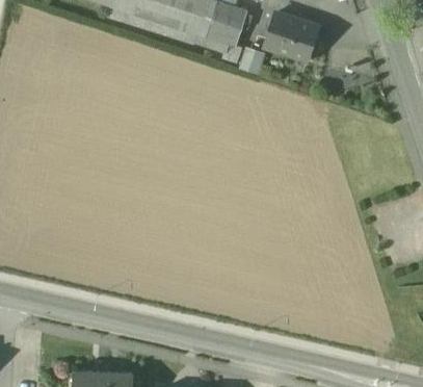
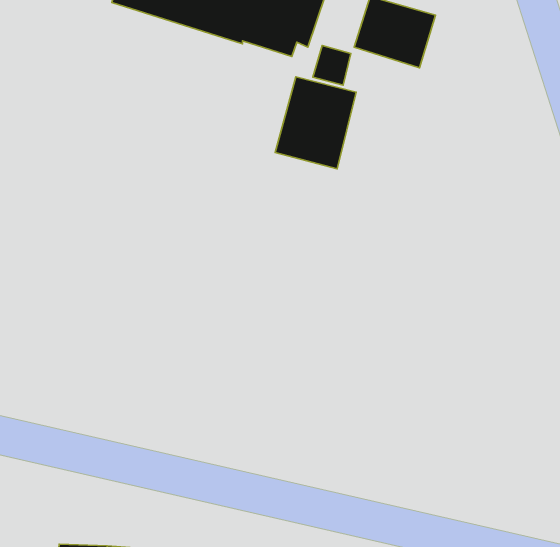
building: none -> [275,77,356,169]

